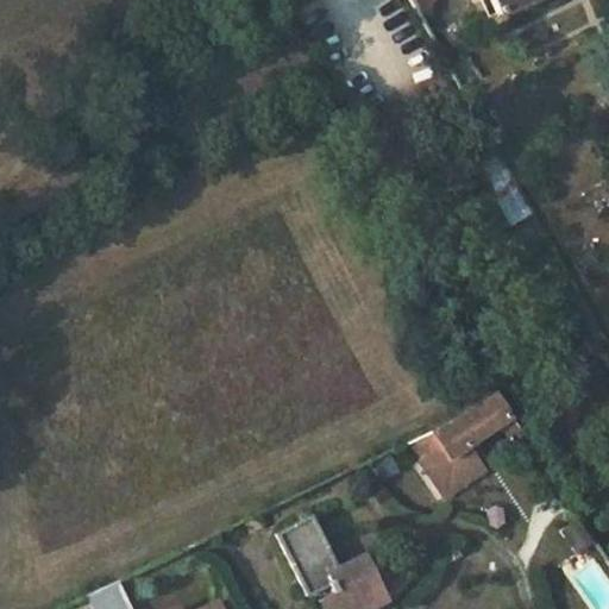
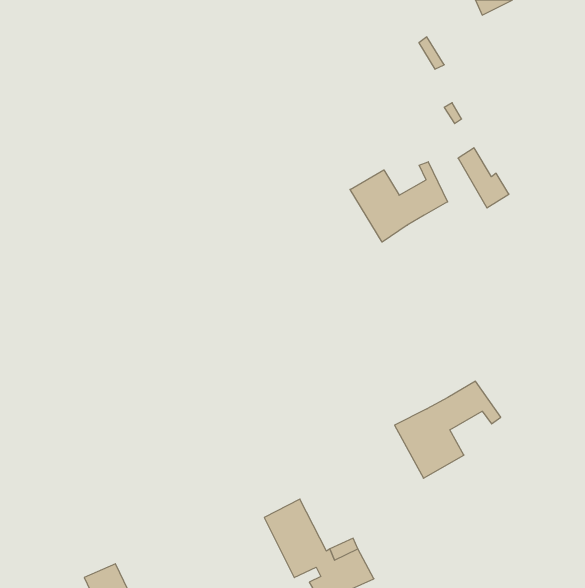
building: none -> [350,162,448,242]

